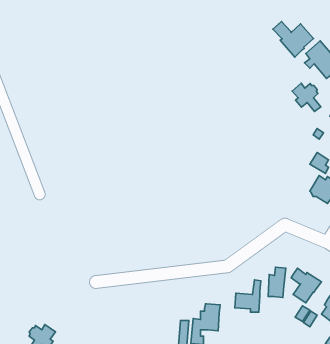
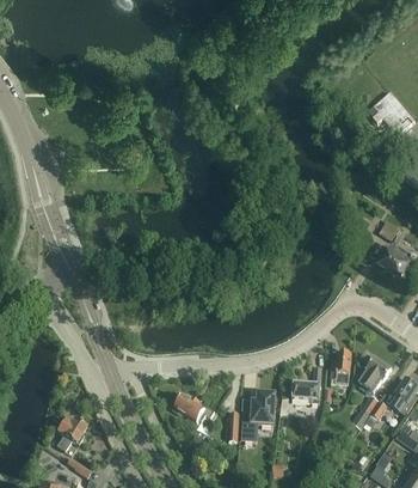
building: [273,22,313,57] -> none
building: [292,83,321,111] -> none
building: none -> [171,395,214,426]

